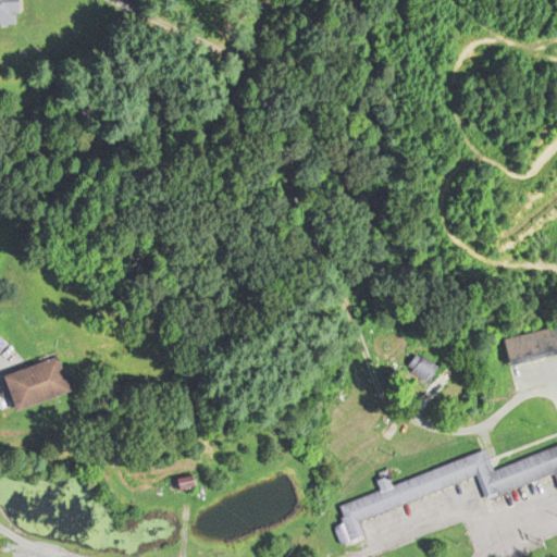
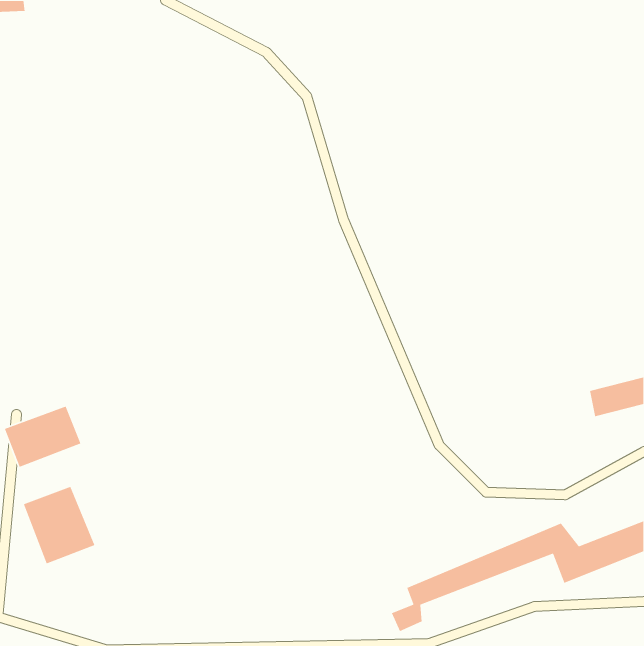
building: [404,352,436,383] -> none
building: none -> [23,486,95,564]

